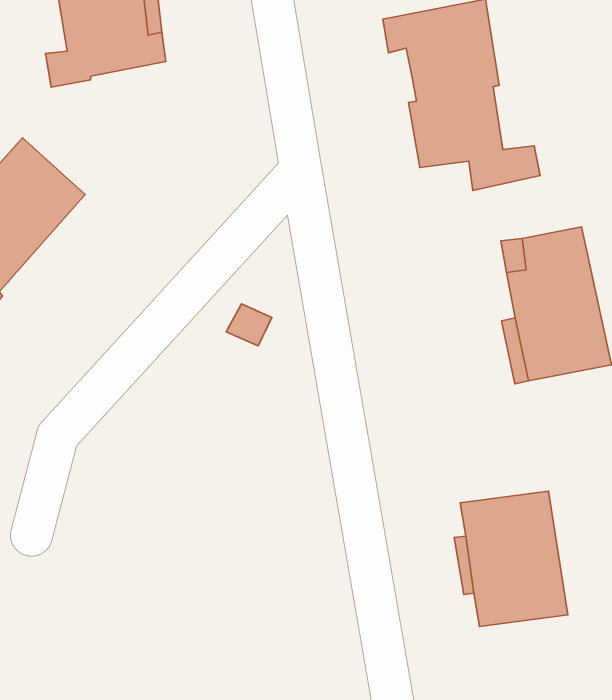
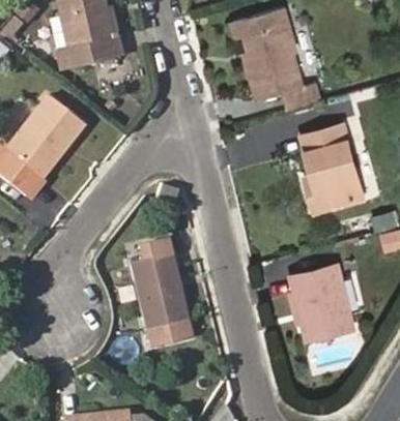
building: none -> [128,238,187,349]

